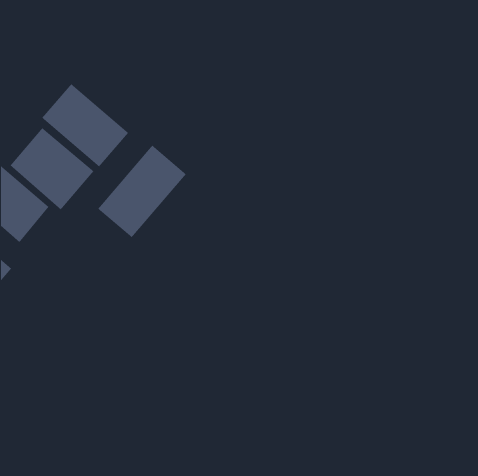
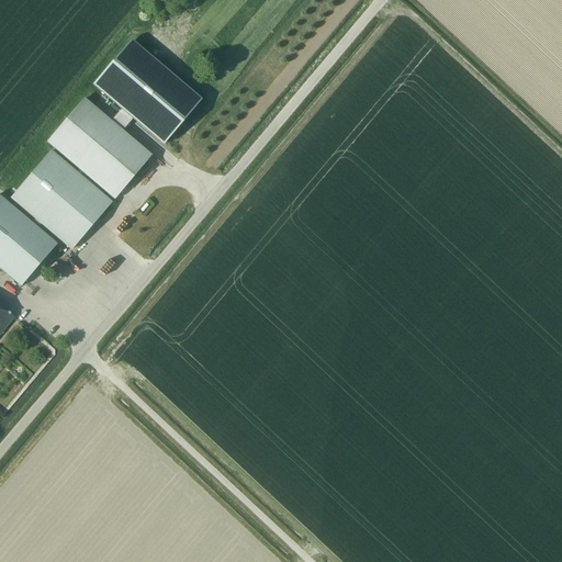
building: none -> [94,37,204,144]
building: [97,145,187,238] -> none

